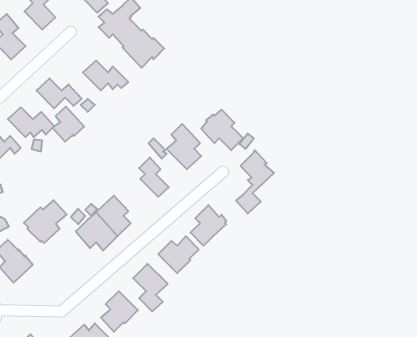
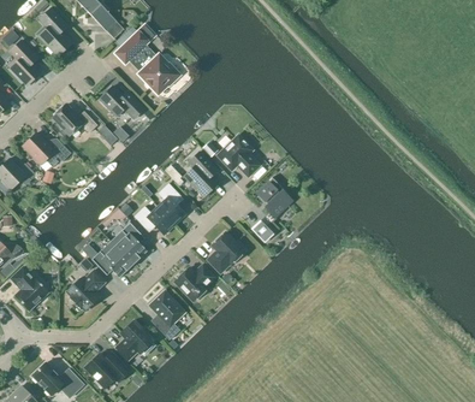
building: [53,107,84,142] -> none
building: none -> [133,206,174,235]
building: [24,200,67,243] -> [64,268,107,312]

